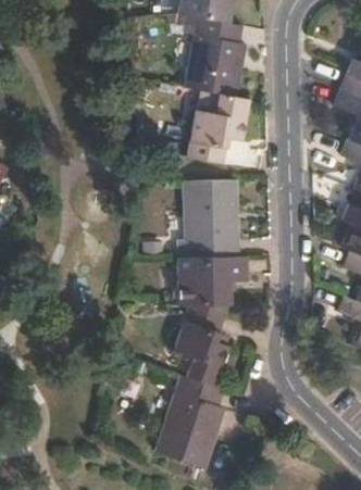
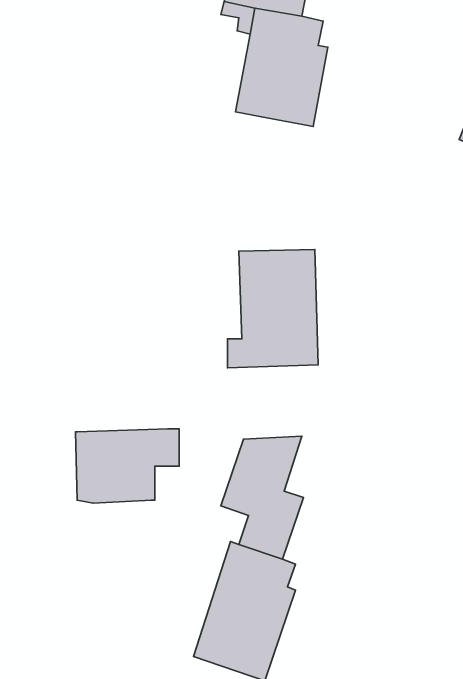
building: [186,89,249,163] -> none
building: [177,255,247,305] -> [76,429,179,503]

